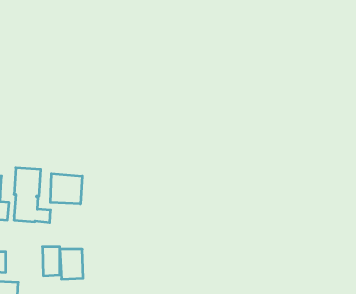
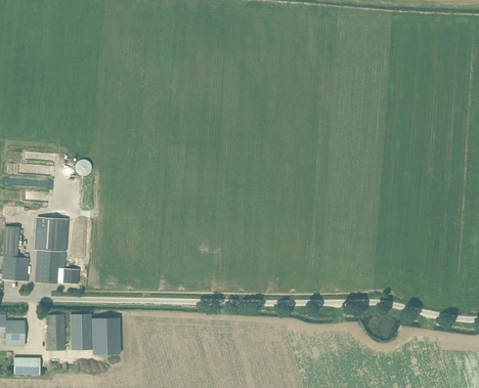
building: [50,174,82,204] -> none
building: none -> [46,313,66,350]

